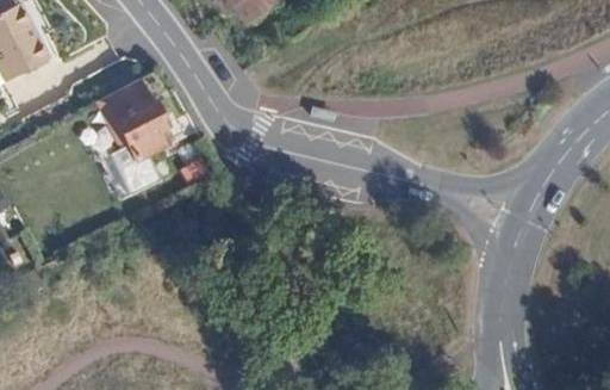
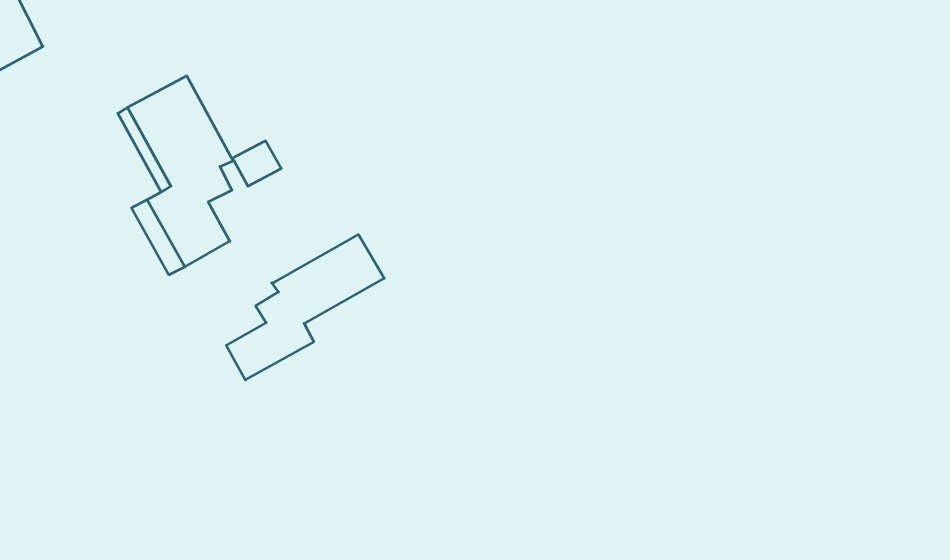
building: none -> [226,235,384,380]

